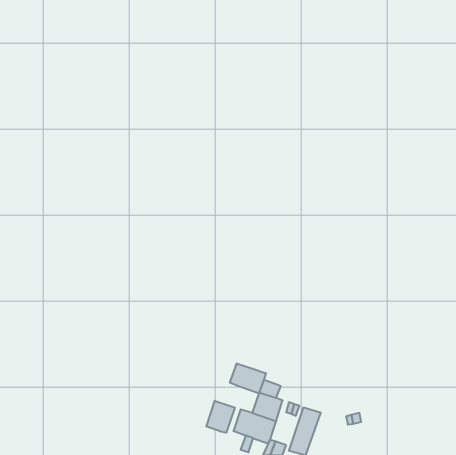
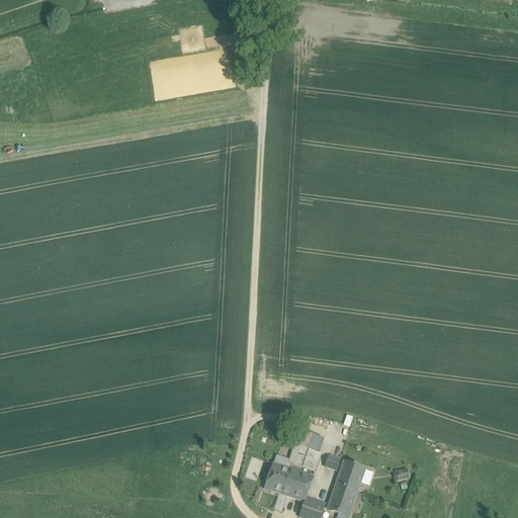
building: [230,363,266,393] -> none
building: [206,401,235,433] -> none

